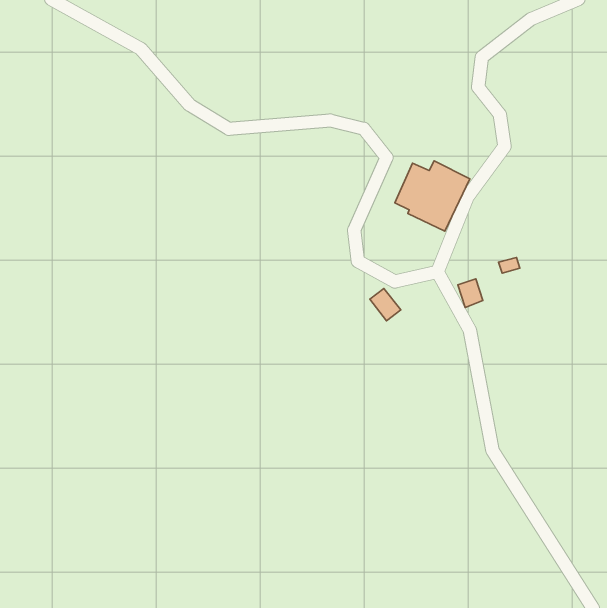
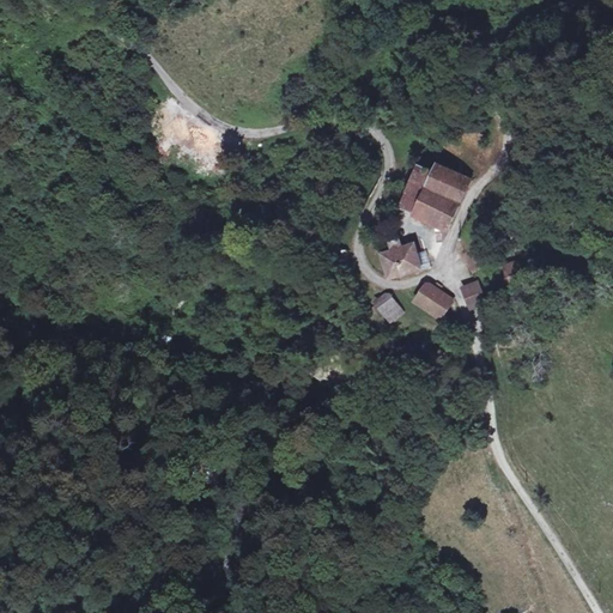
building: none -> [380,236,420,279]
building: none -> [409,281,453,318]

